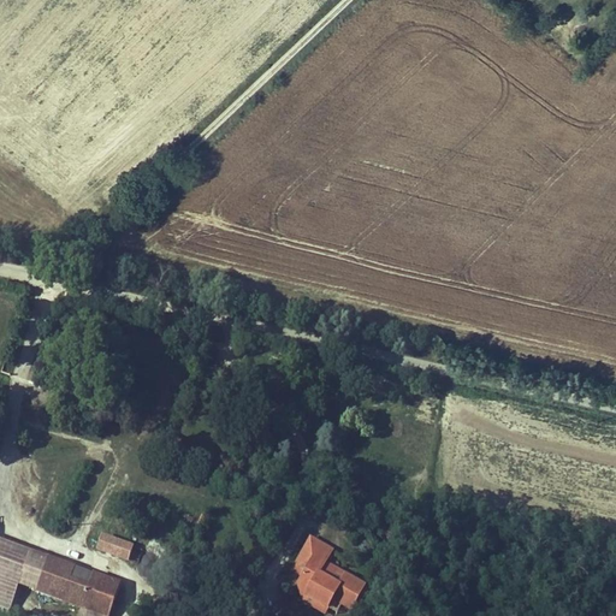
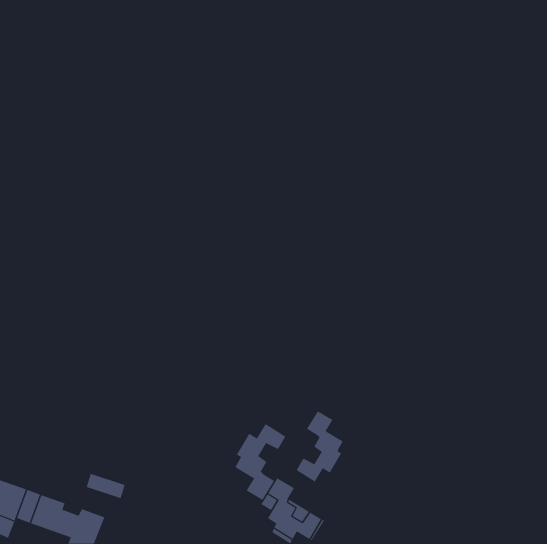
building: none -> [296,410,344,482]
building: none -> [235,423,286,501]

